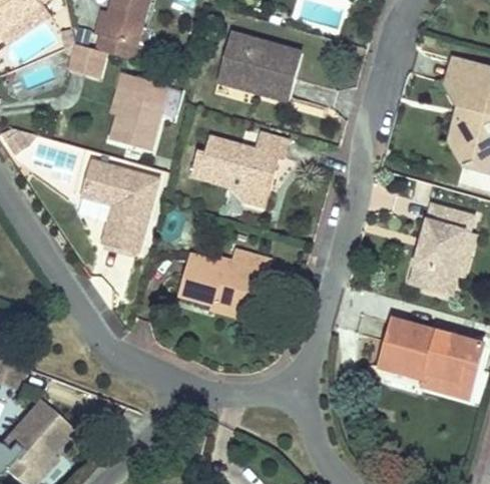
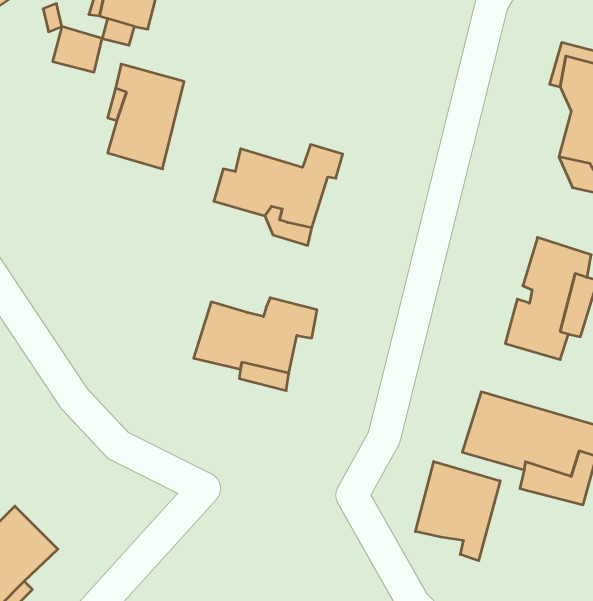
building: [220,30,301,96] -> none
building: [83,163,160,256] -> none
building: none -> [415,461,500,561]

